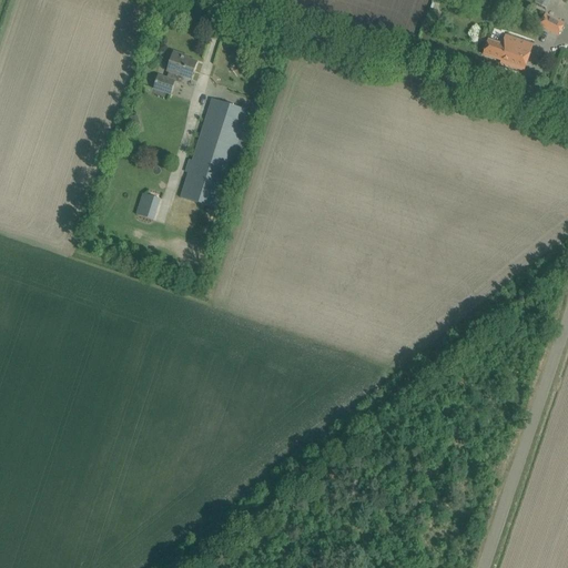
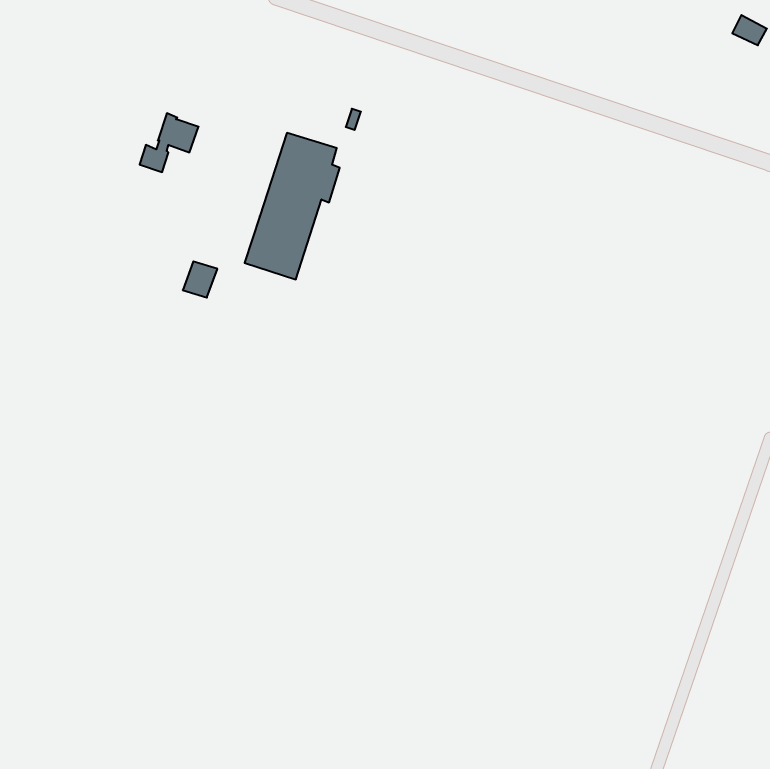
building: [483,32,531,69] -> none
building: [153,50,196,93] -> [140,113,199,172]

